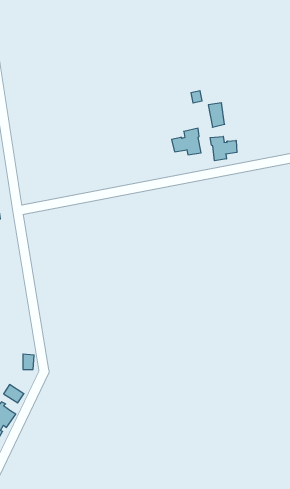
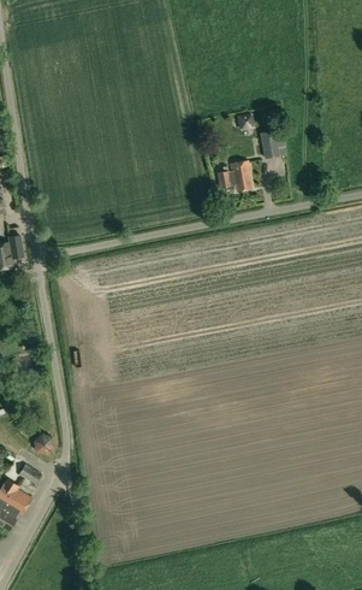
building: [210,136,237,161] -> none

